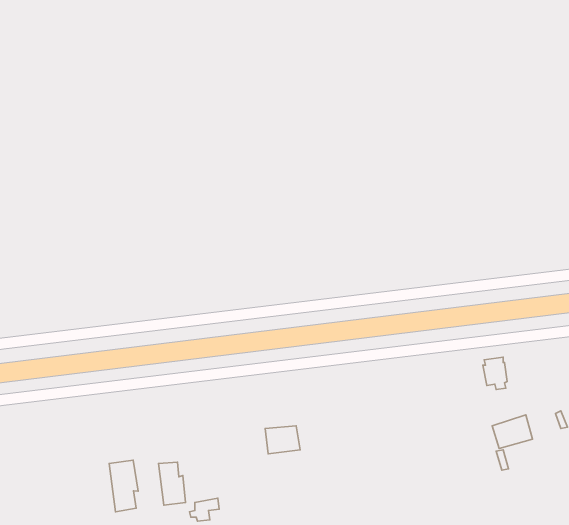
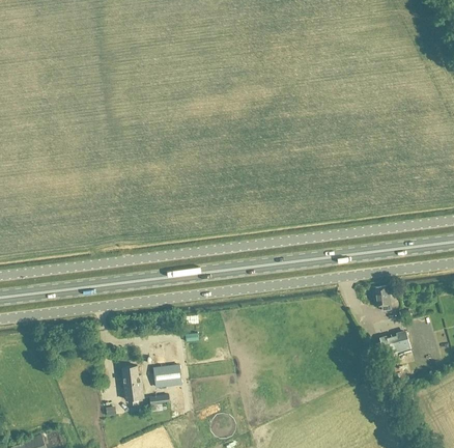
building: [265,426,300,454] -> [155,364,182,386]
building: [109,460,138,512] -> none

